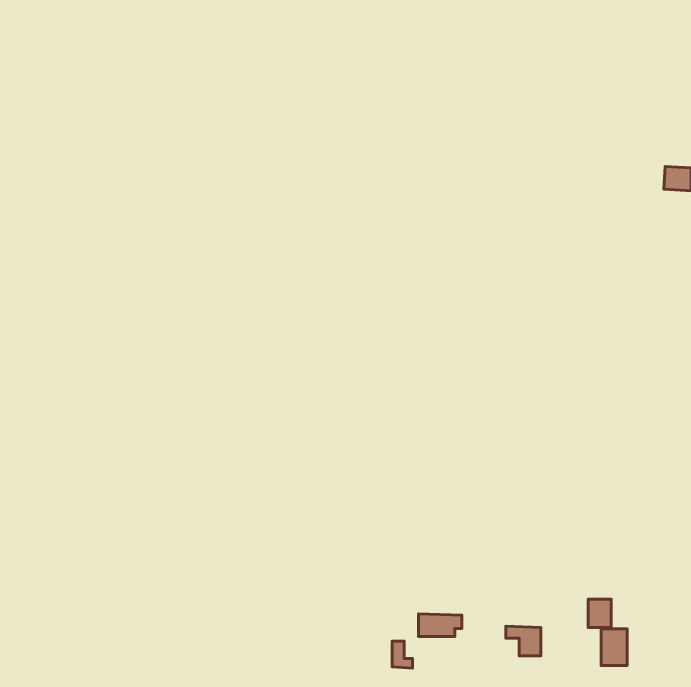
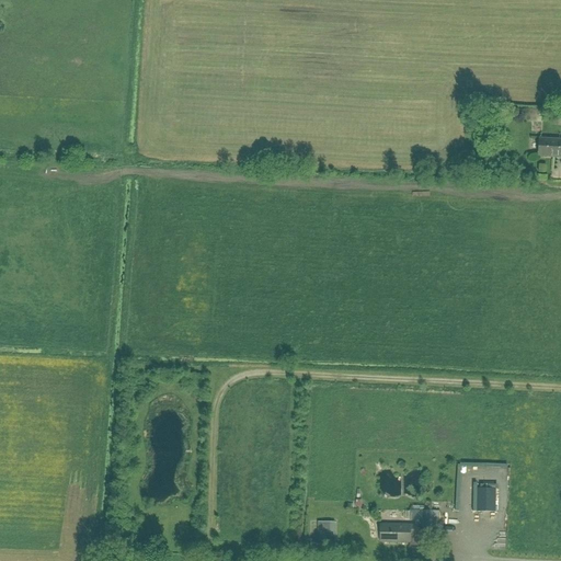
building: [418,614,462,637] -> [380,520,415,539]
building: [601,629,627,666] -> none

